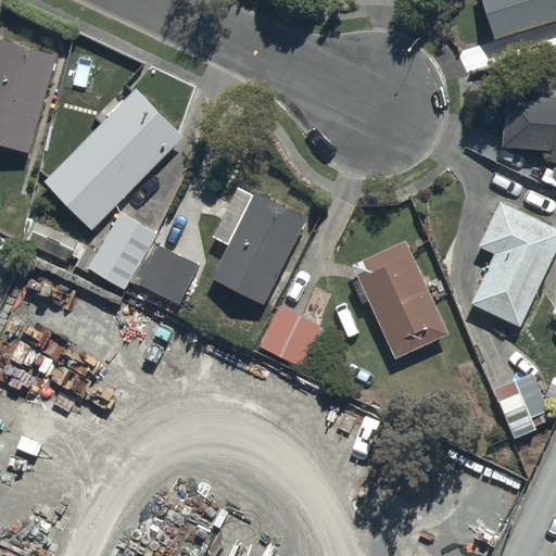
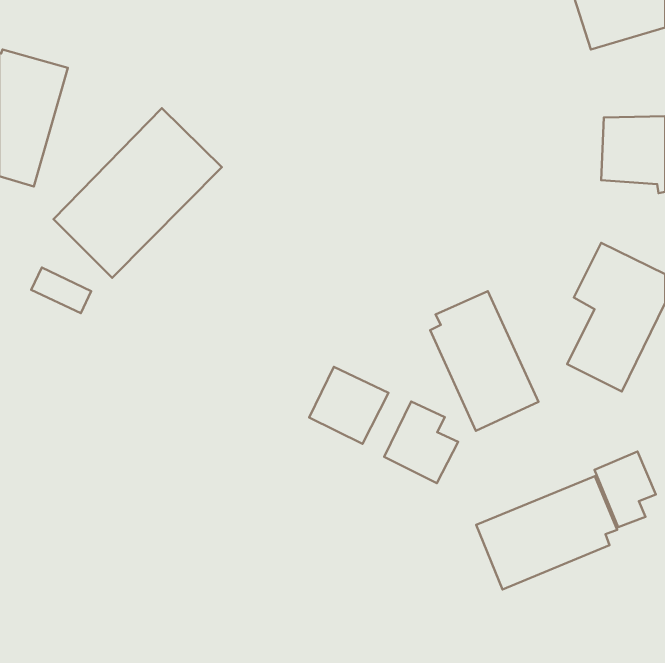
building: [139,185,308,314] -> none
building: [75,214,155,290] -> none
building: none -> [384,401,458,483]
building: none -> [476,476,617,590]

